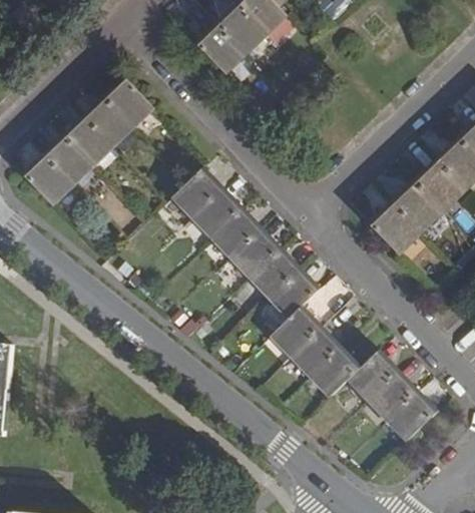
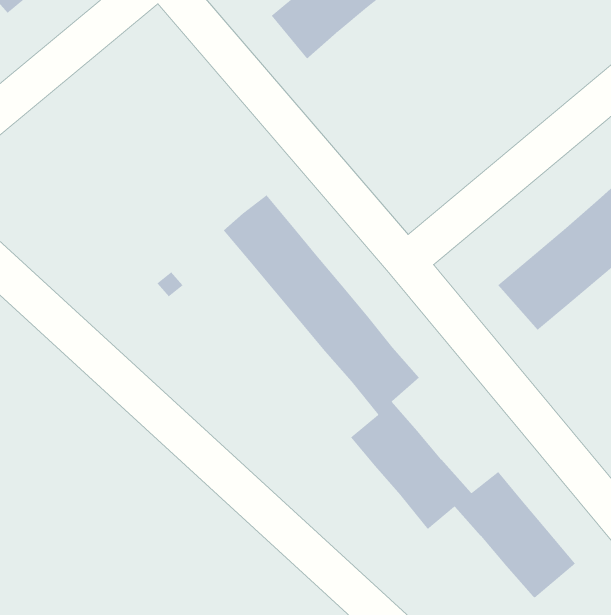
building: [24,80,152,205] -> none

